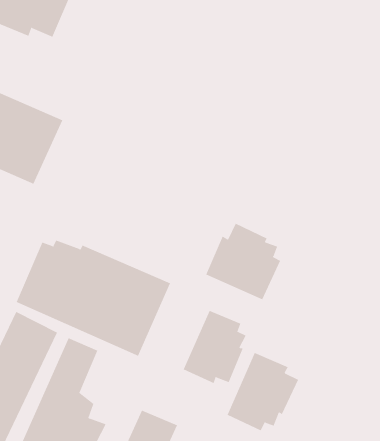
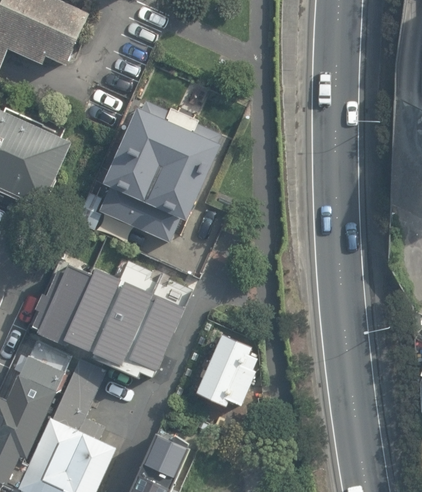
building: none -> [96,107,225,248]
building: [206,223,281,300] -> none
building: [227,352,299,431] -> none

